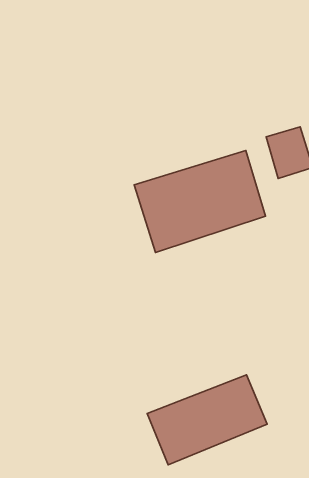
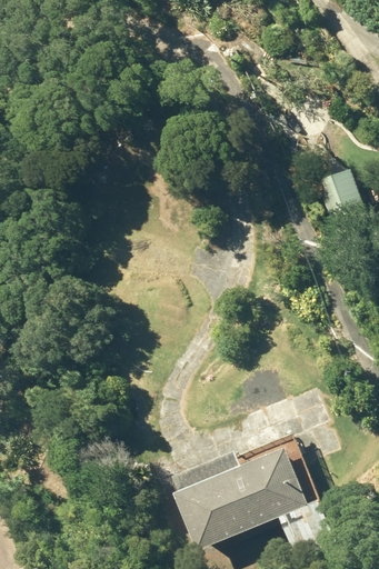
building: [134,150,266,253] -> none

